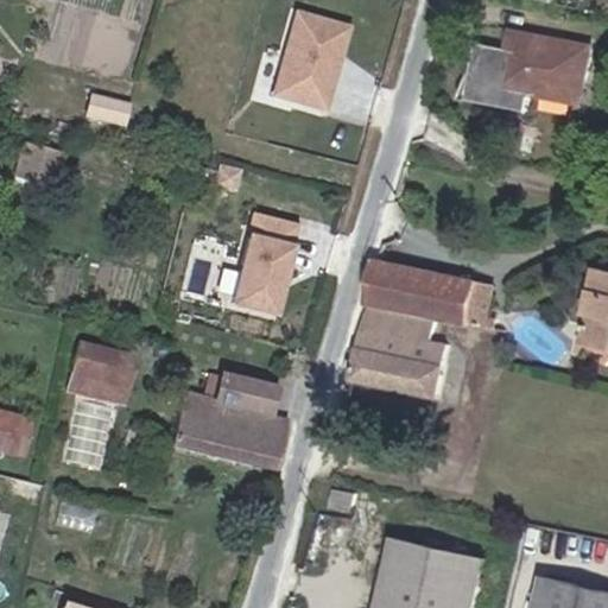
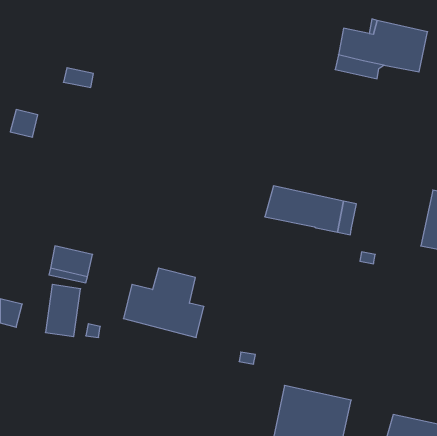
building: [262,20,341,118] -> none
building: [221,215,287,314] -> none
building: [348,303,448,399] -> none

